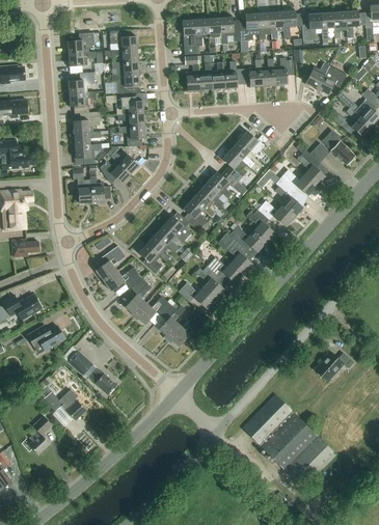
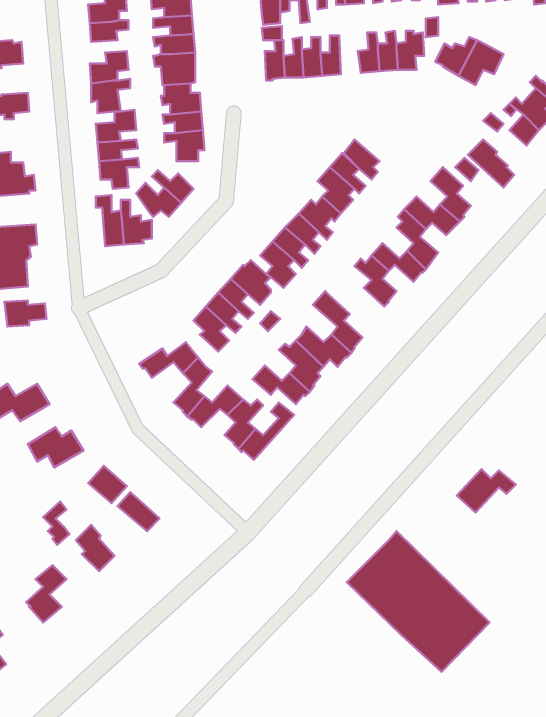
building: [228,225,266,251] -> none
building: [96,245,126,281] -> none

